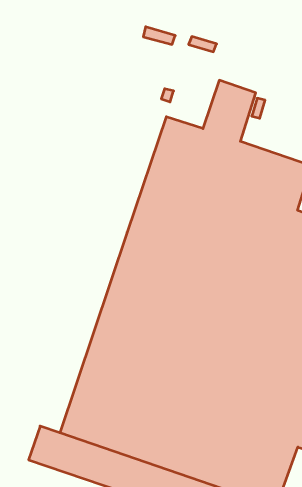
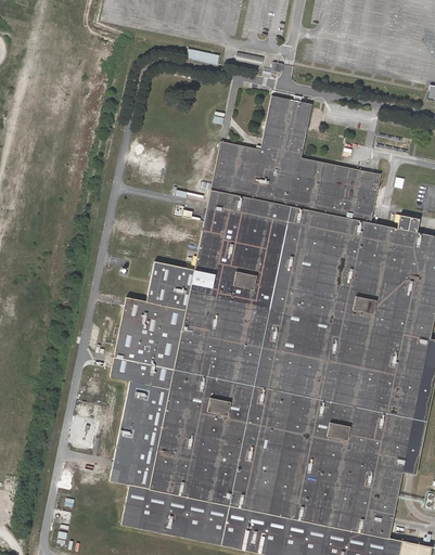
building: none -> [110,261,194,489]

